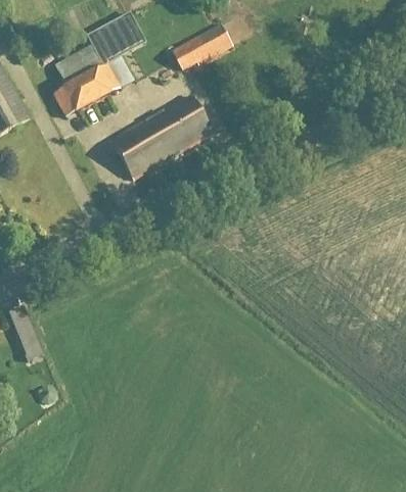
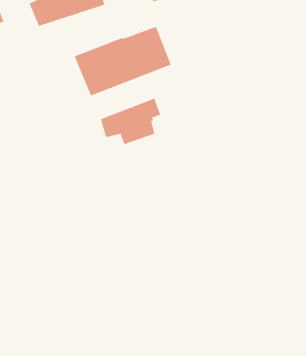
building: none -> [100,98,161,145]

